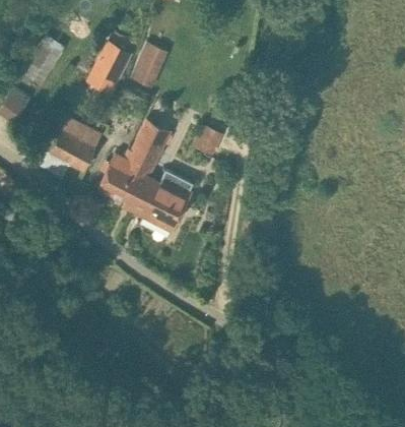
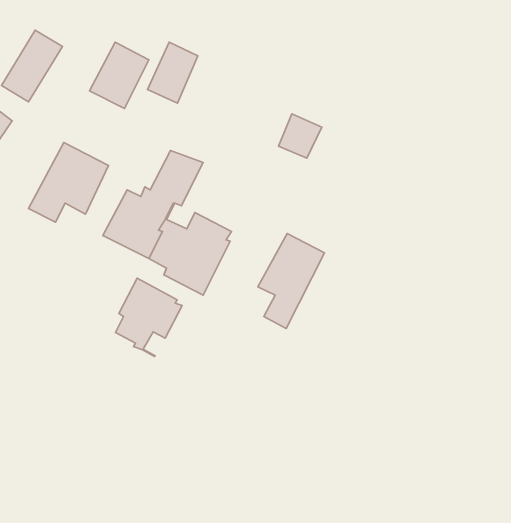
building: [193,121,225,155] -> [278,114,322,158]
building: none -> [258,234,324,328]
building: none -> [116,278,182,356]

